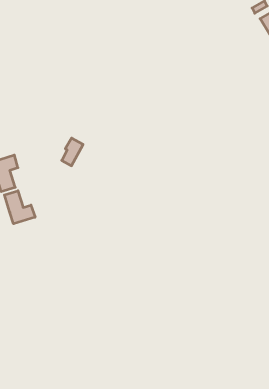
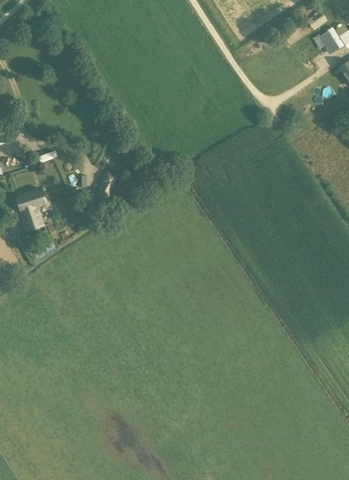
building: [4,191,35,224] -> none

